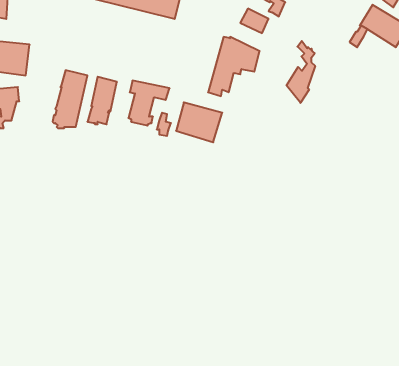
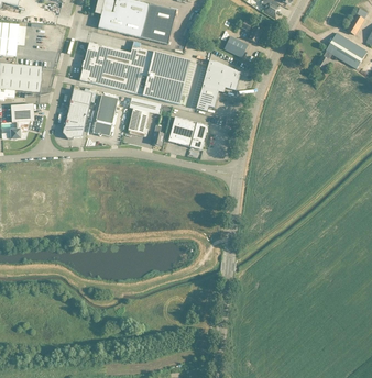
building: none -> [78,42,188,103]
building: [287,41,315,103] -> none

